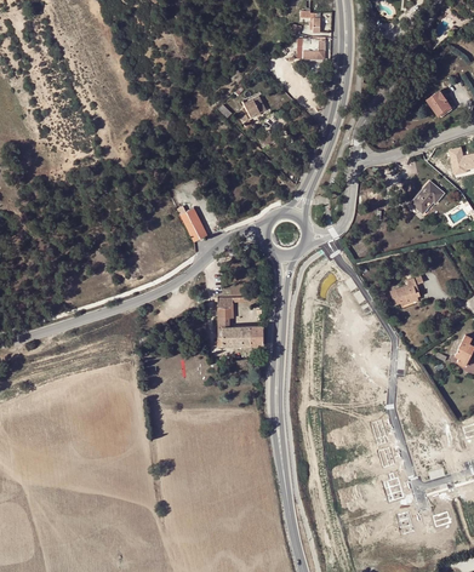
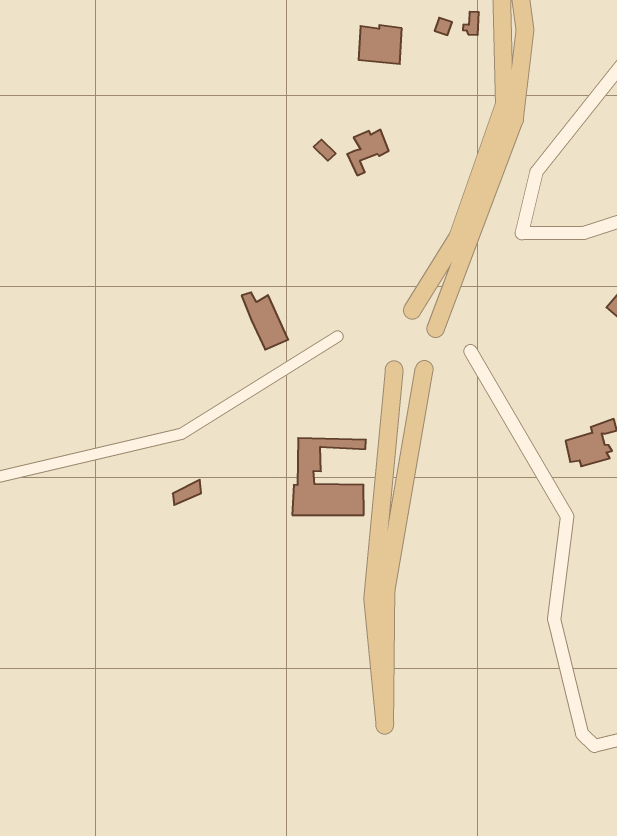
building: [298,36,325,61] -> [359,25,402,64]

